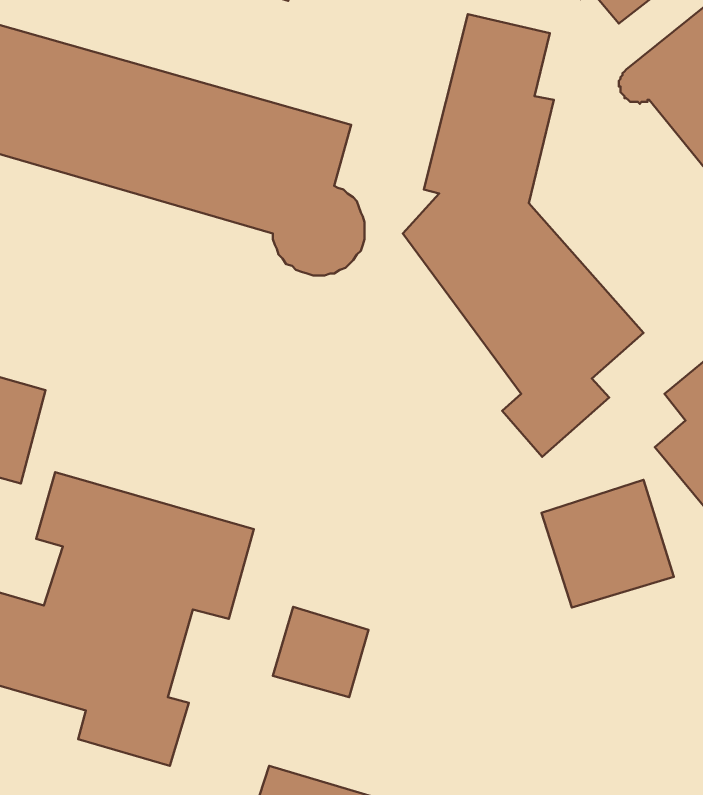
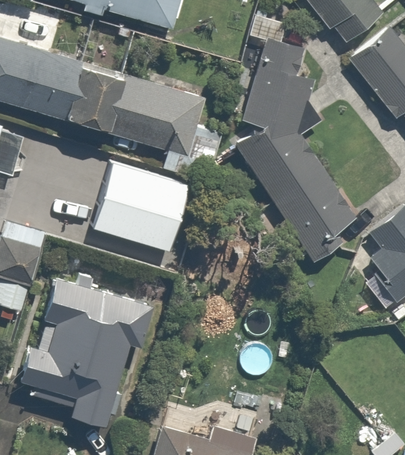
building: none -> [89,159,191,254]
building: [542,480,674,608] -> none
building: [273,607,368,697] -> none

